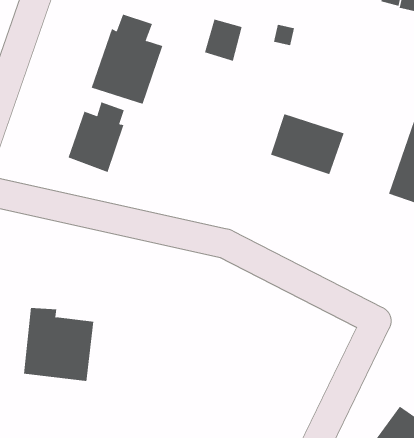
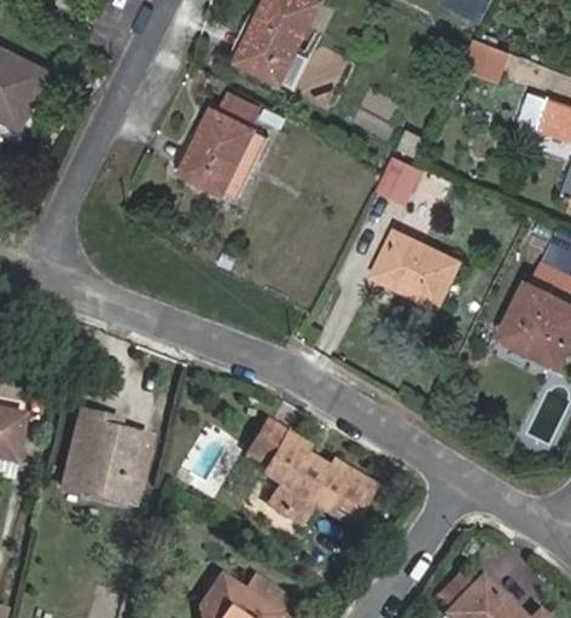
building: [204,19,243,61] -> [371,154,418,205]
building: [68,102,124,173] -> none
building: none -> [247,420,372,523]

